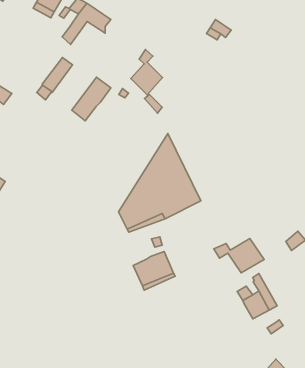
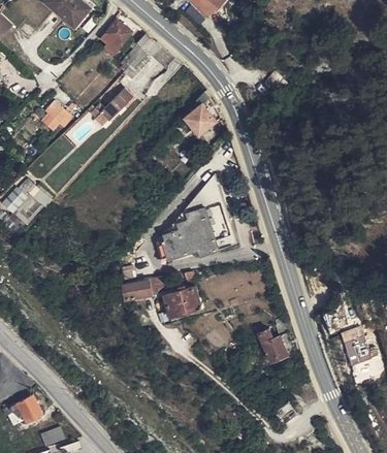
building: [72,77,111,121] -> none
building: [214,238,264,273] -> none
building: none -> [115,277,162,299]

